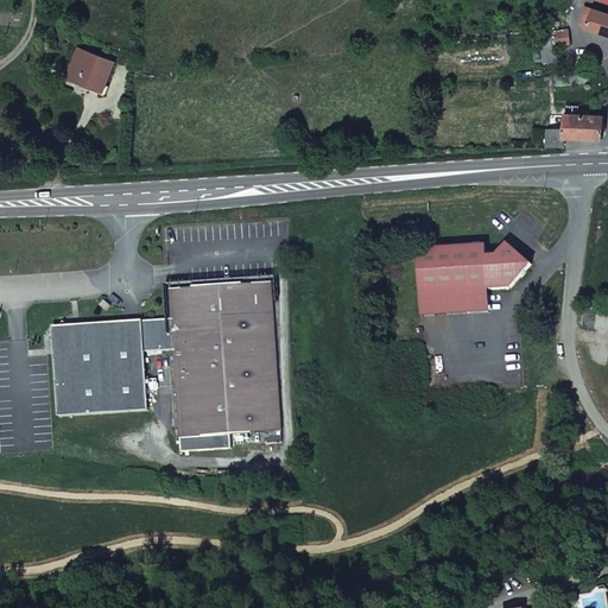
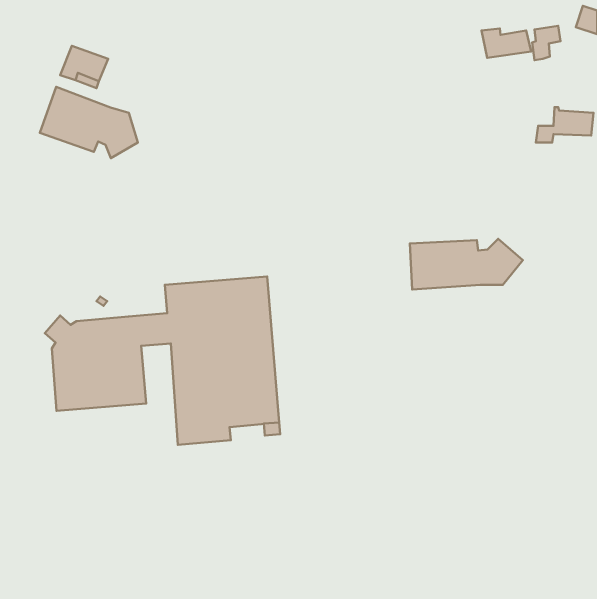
building: none -> [482,28,531,58]
building: none -> [40,87,138,158]
building: [416,287,486,314] -> none

